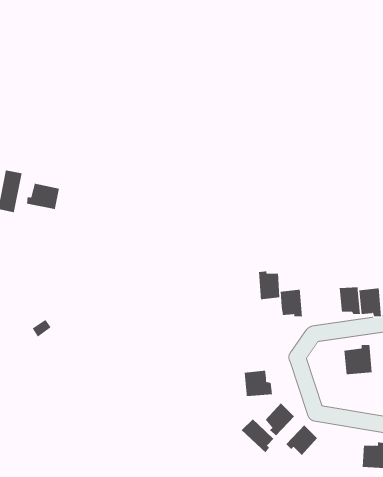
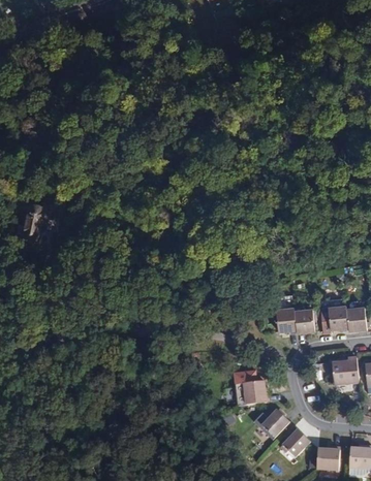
building: [26,183,59,210] -> none
building: [258,271,280,300] -> [293,307,313,332]
building: [241,419,274,453] -> none
building: none -> [315,445,339,469]

